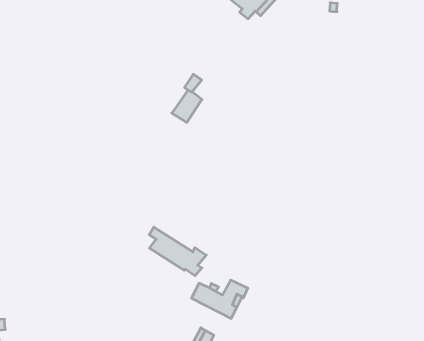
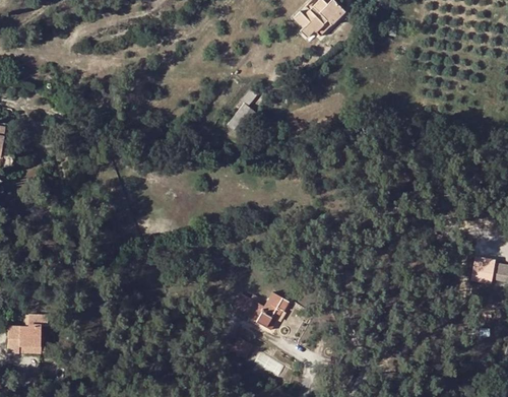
building: [149,227,206,276] -> none

